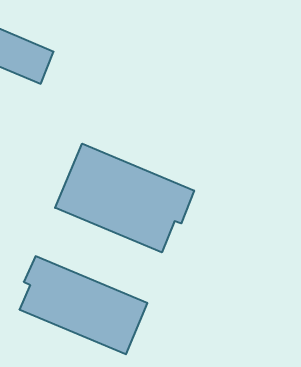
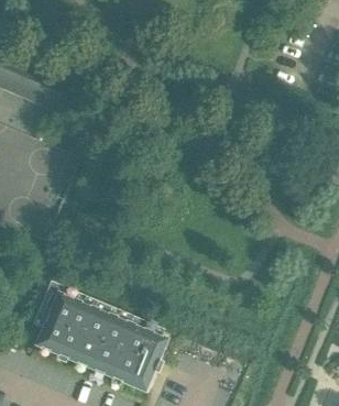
building: [55,144,194,252] -> none

